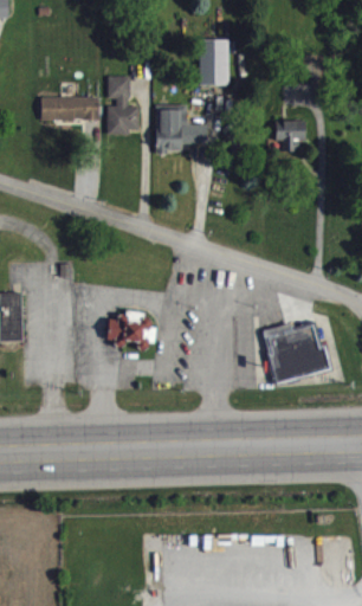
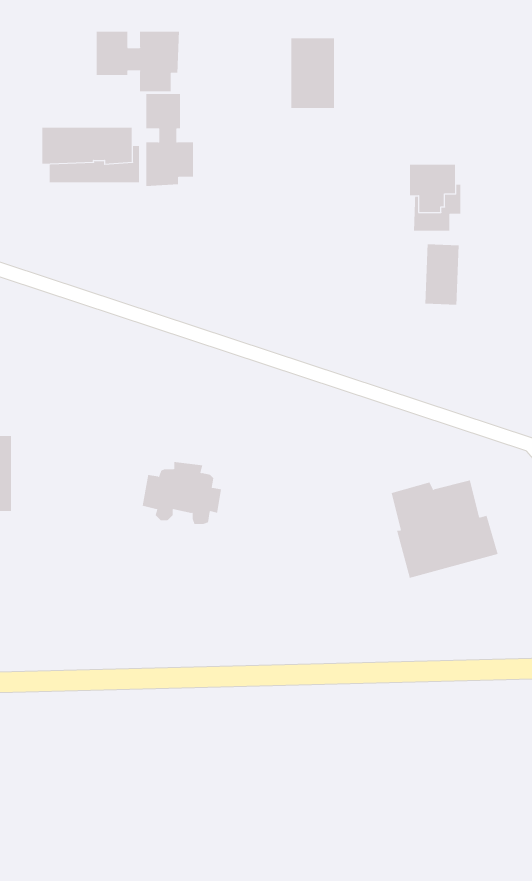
building: none -> [96,31,180,92]
building: [155,104,207,152] -> none
building: none -> [425,243,459,306]

